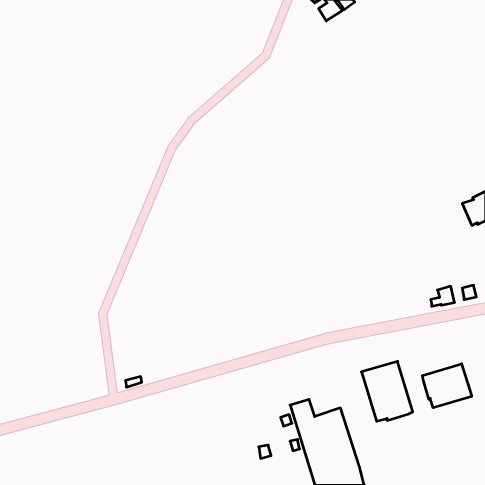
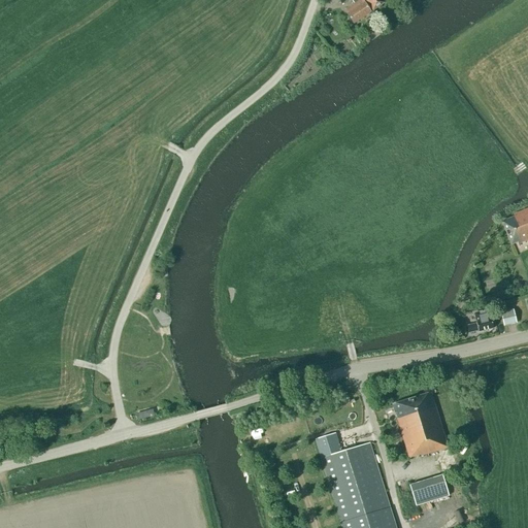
building: [422,364,472,408] -> none
building: none -> [410,474,450,505]

